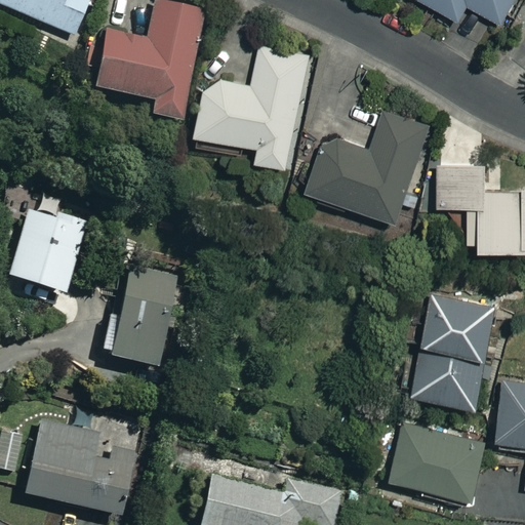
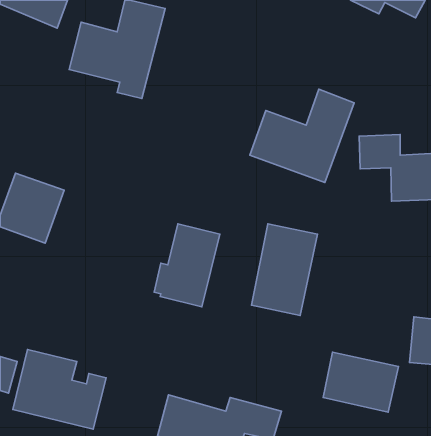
building: [196,45,313,166] -> none
building: [98,267,177,366] -> [154,224,220,307]
building: [415,293,494,403] -> [252,224,317,316]

